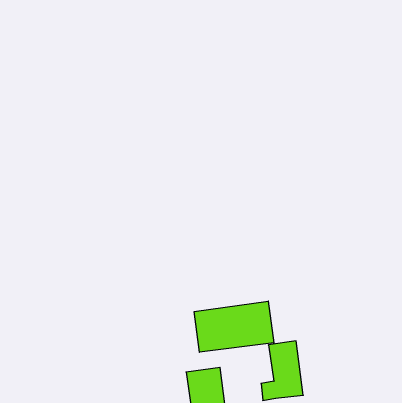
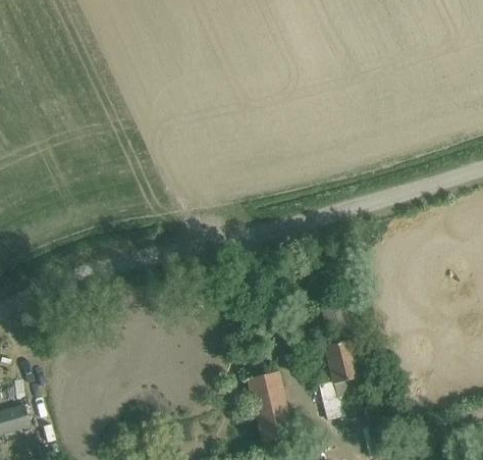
building: [194,301,274,352] -> none

